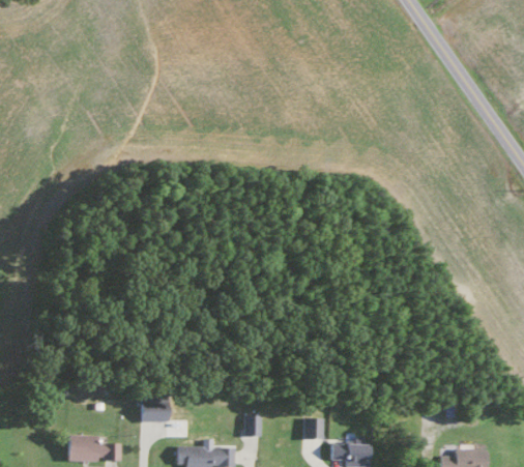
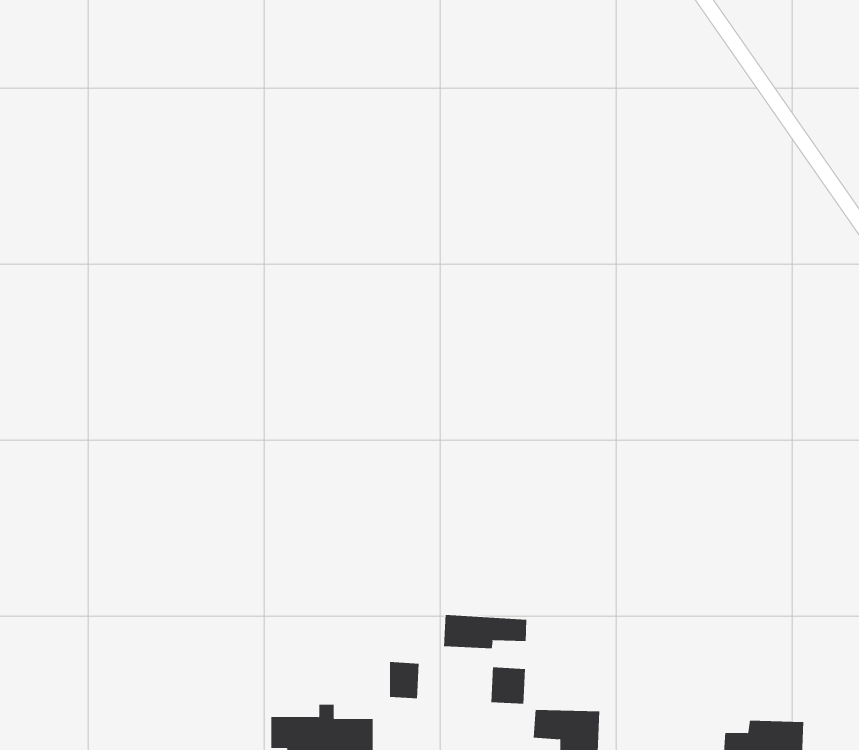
building: none -> [443,614,527,649]
building: [140,395,169,422] -> none
building: [65,434,121,461] -> none

